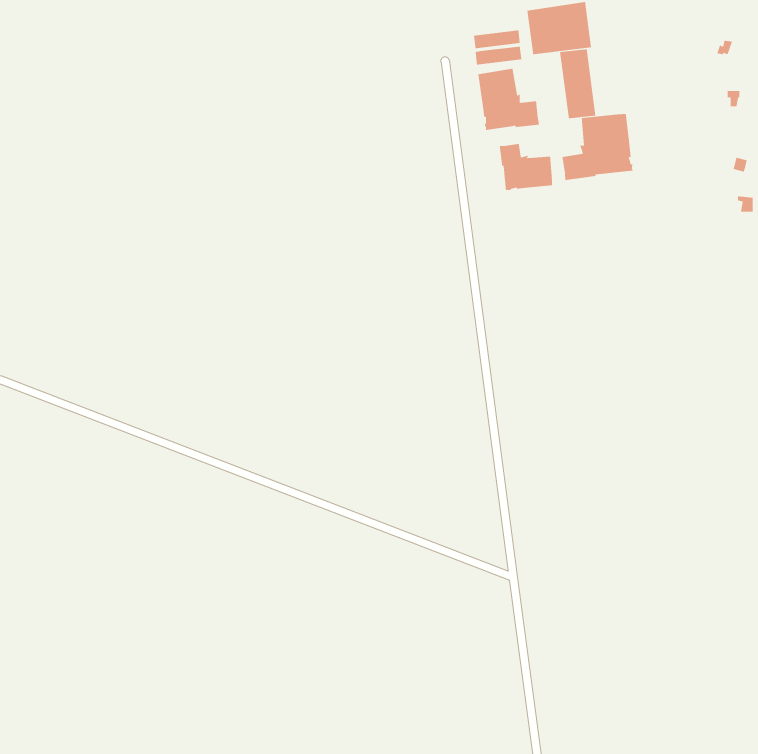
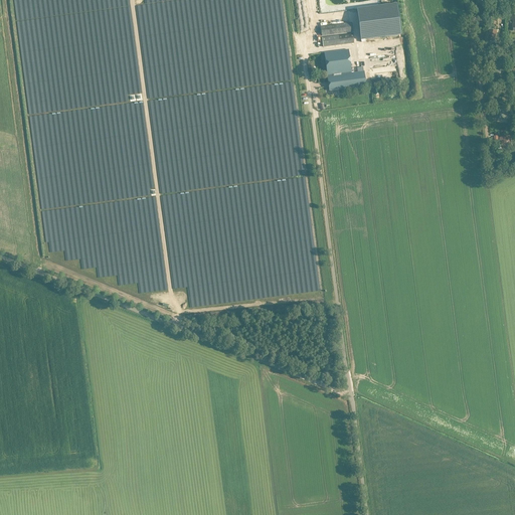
building: [562,113,633,181] -> none
building: [499,143,553,191] -> none

